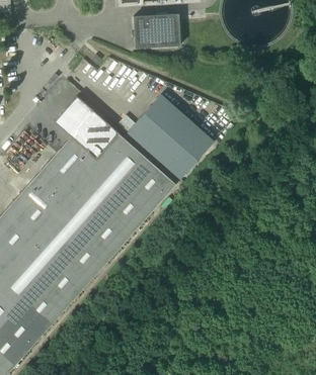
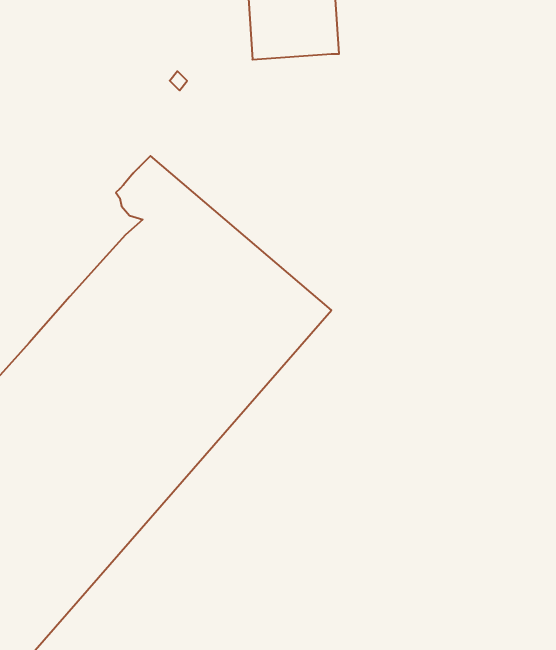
building: [127,95,214,180] -> none

